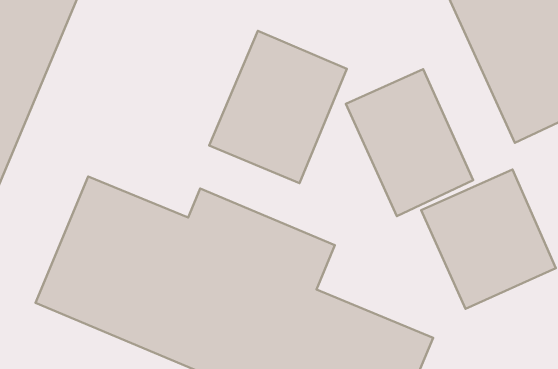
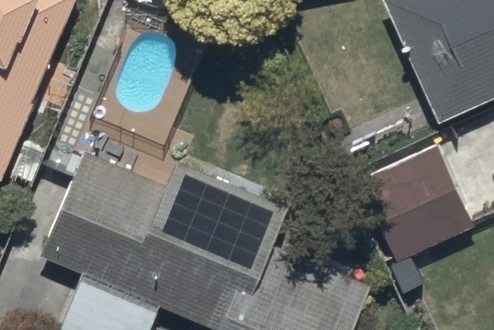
building: [209,31,347,183] -> none
building: [346,69,473,216] -> none

